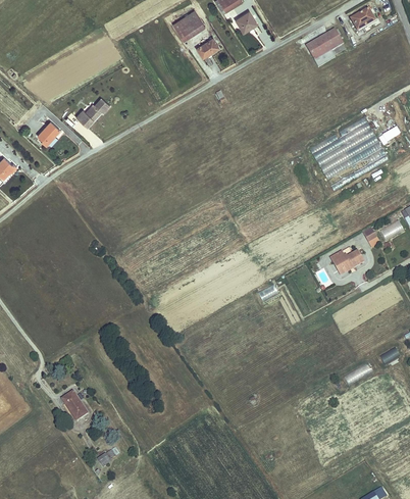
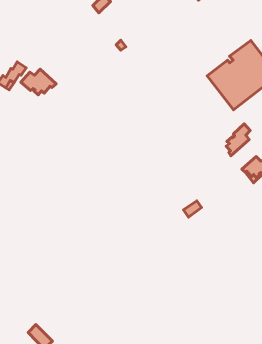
building: none -> [21,69,56,95]
building: none -> [226,124,250,156]

